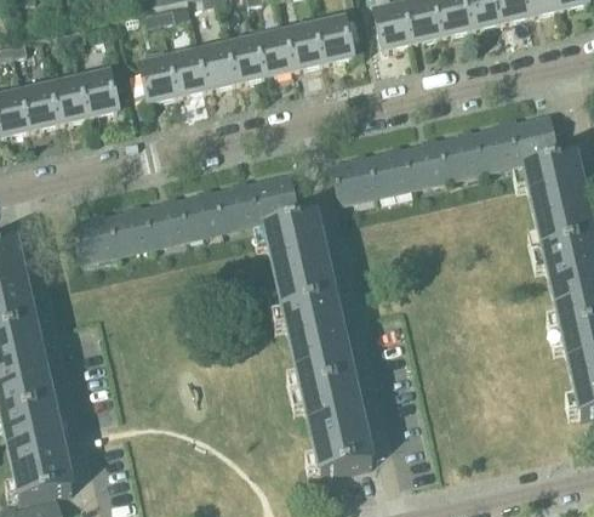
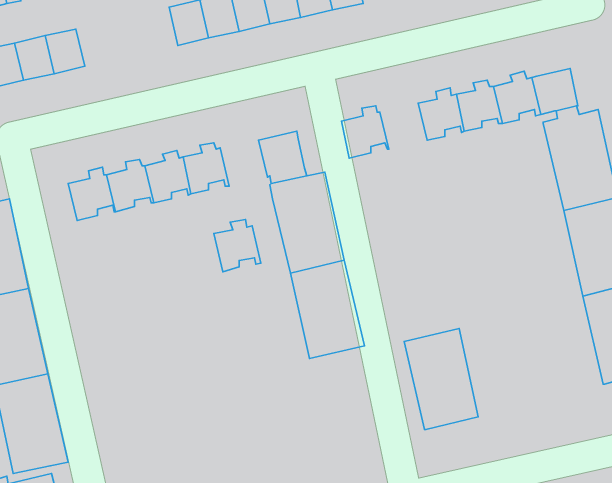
building: [141,58,178,101] -> none
building: [81,73,120,114] -> none
building: [370,143,415,193] -> none
building: [218,178,263,228] -> [214,220,261,272]
building: [303,380,373,476] -> [404,329,478,430]

